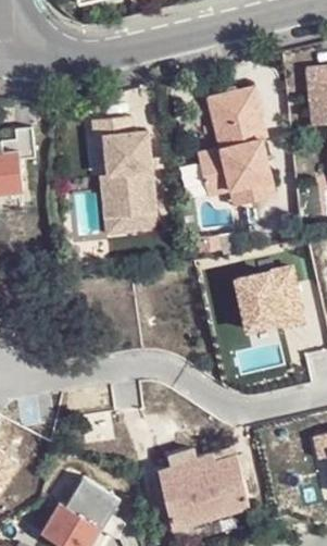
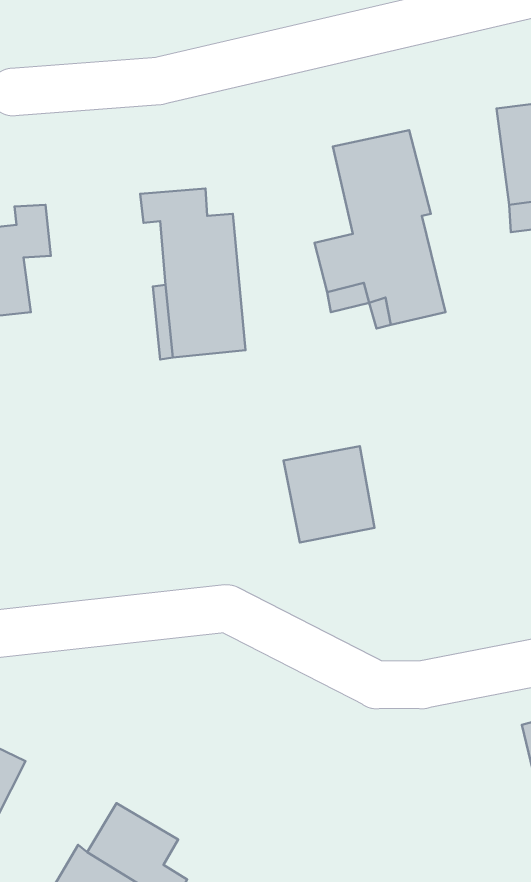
building: [246,277,300,335] -> [283,446,374,542]
building: [158,454,252,529] -> none

